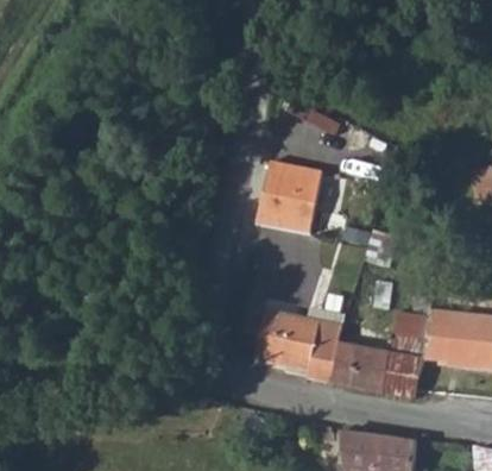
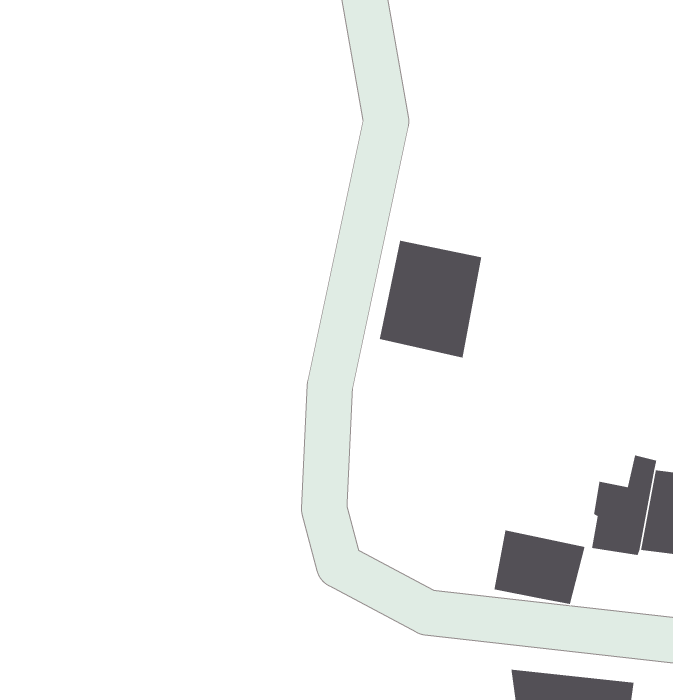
building: [256,312,341,383] -> none
building: [377,356,420,400] -> none

